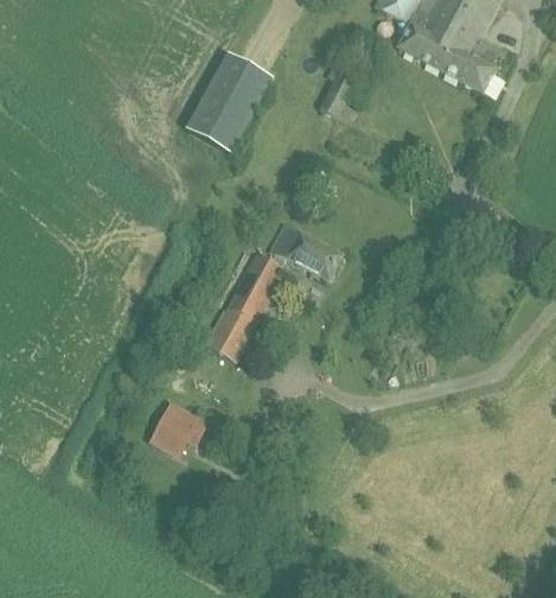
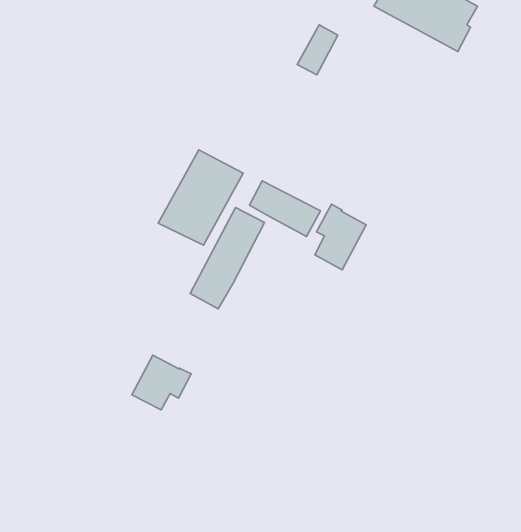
building: [186,52,273,150] -> [158,150,243,245]
building: none -> [315,204,366,270]

